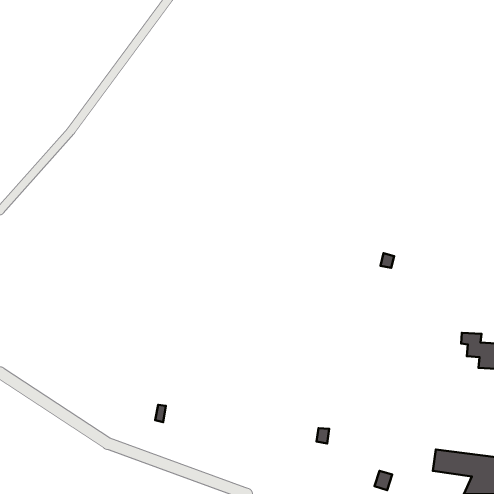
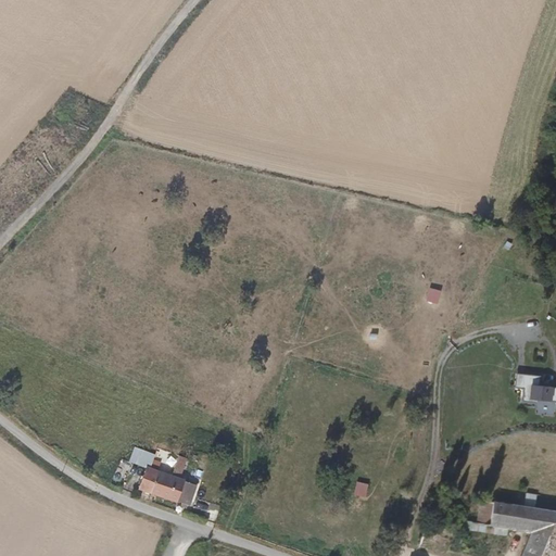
building: none -> [139,463,201,507]

